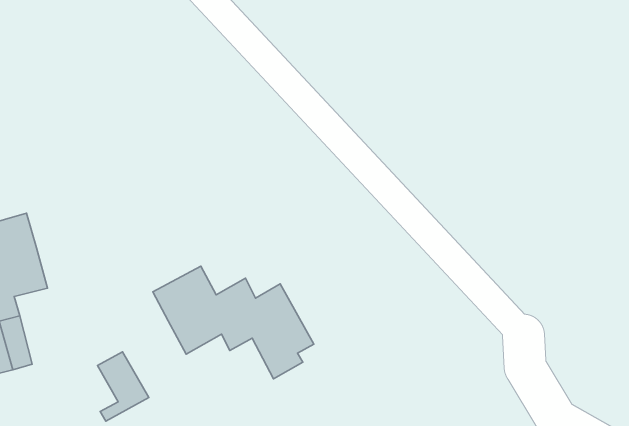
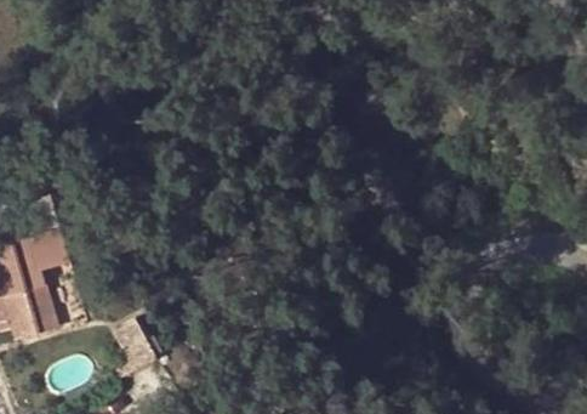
building: [153,266,314,379] -> none

